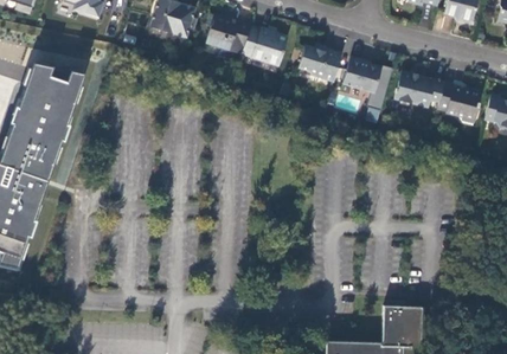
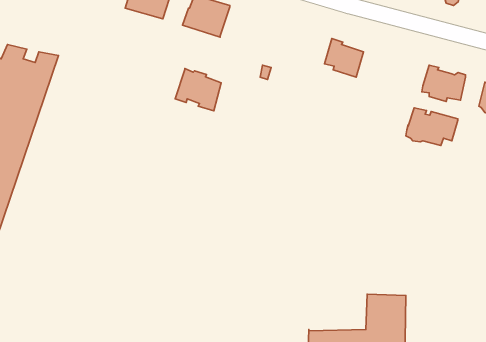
building: [240,24,285,65] -> [175,68,221,111]
building: [299,46,342,83] -> none
building: [393,70,444,107] -> [406,108,458,146]

